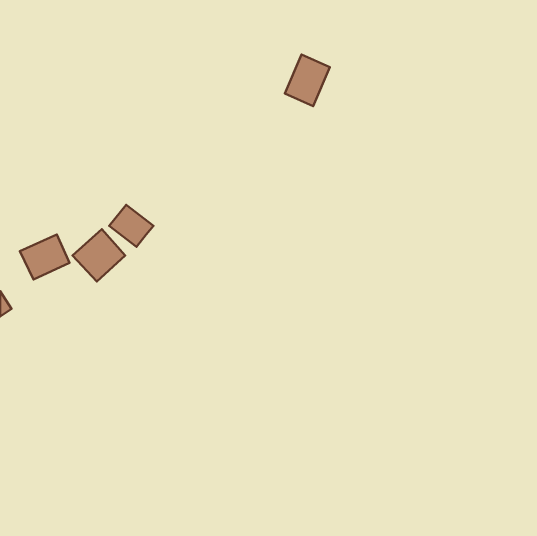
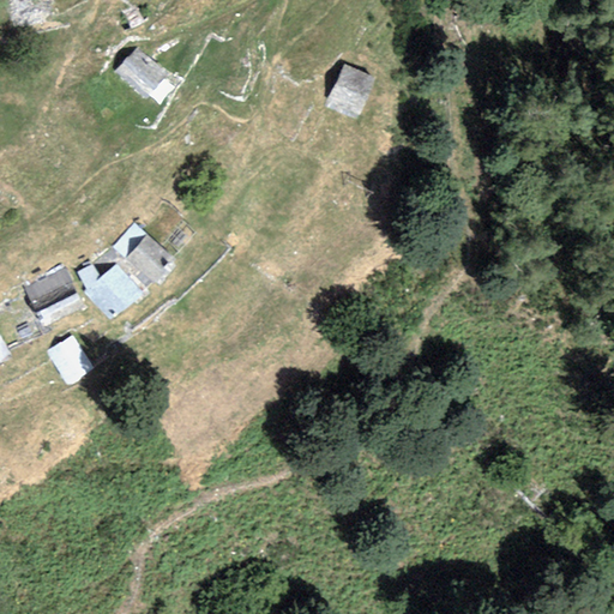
building: none -> [112,44,169,101]
building: none -> [44,335,94,385]

